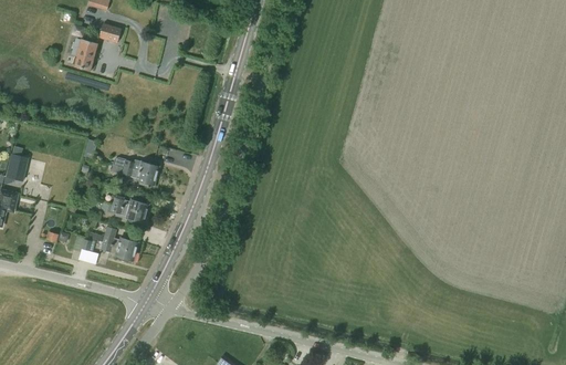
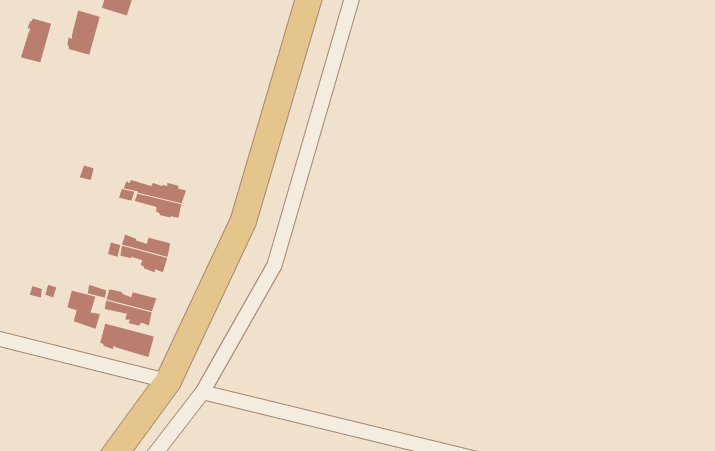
building: none -> [20,18,52,64]
building: none -> [100,323,155,358]

